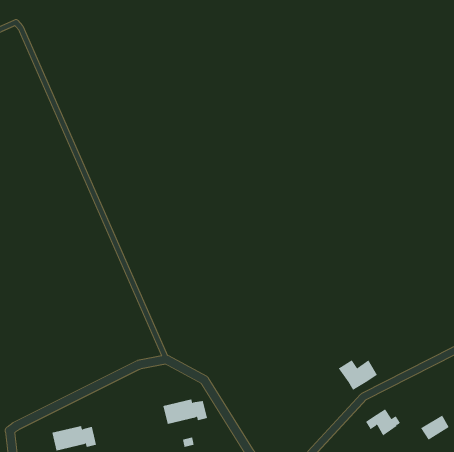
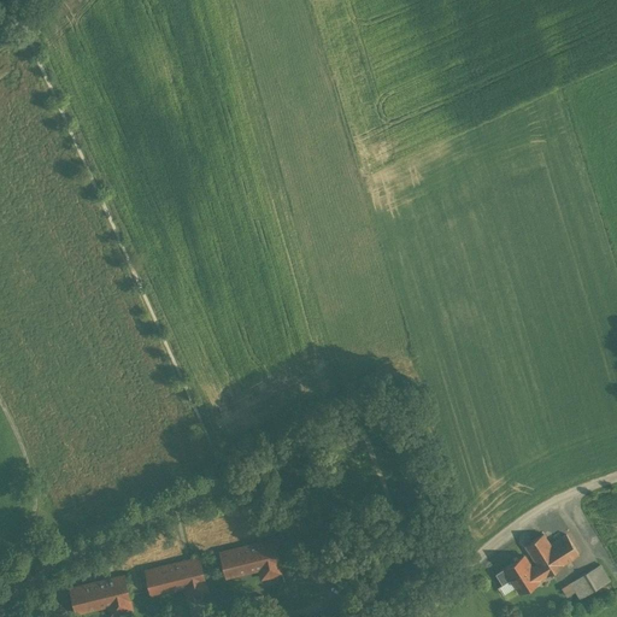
building: [338,360,378,391] -> [524,535,578,577]
building: none -> [145,562,206,597]

